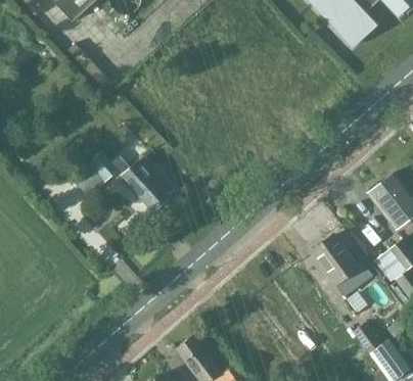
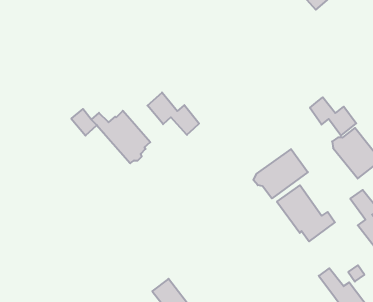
building: none -> [147,92,199,135]
building: none -> [310,97,356,136]
building: none -> [253,149,308,198]

